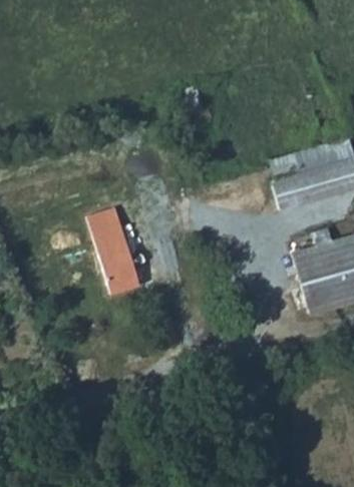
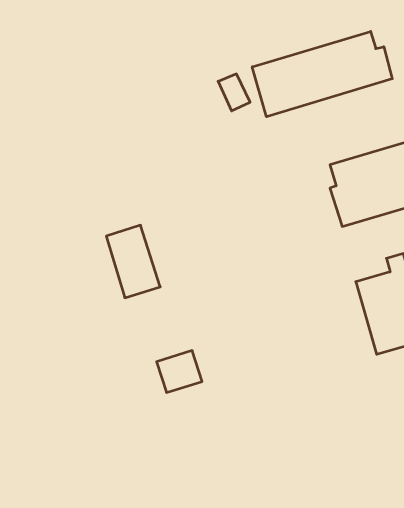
building: none -> [252,31,392,117]
building: [103,259,140,293] -> [157,351,202,392]

